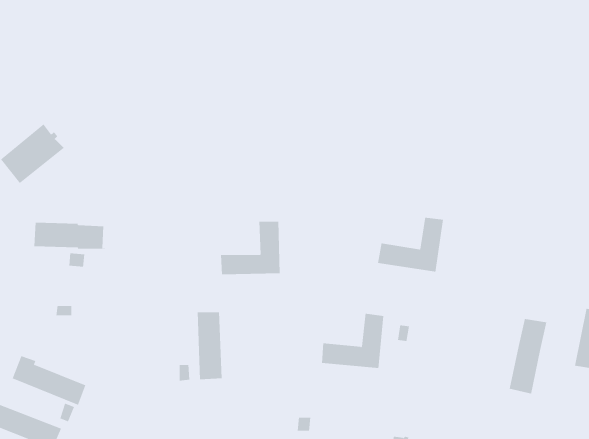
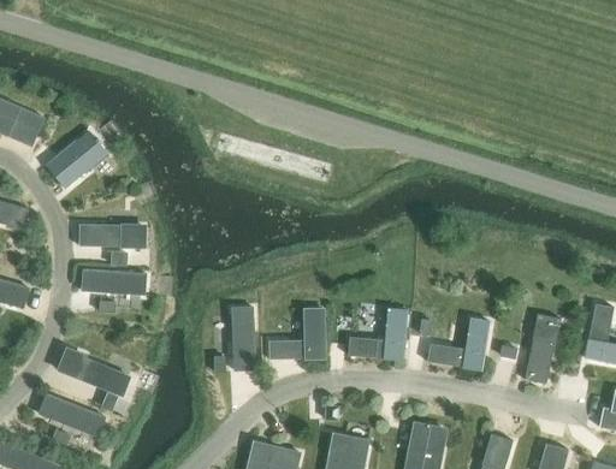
building: [377,217,444,272] -> [426,317,488,369]
building: [220,221,280,275] -> [268,308,325,358]
building: none -> [82,269,146,293]

